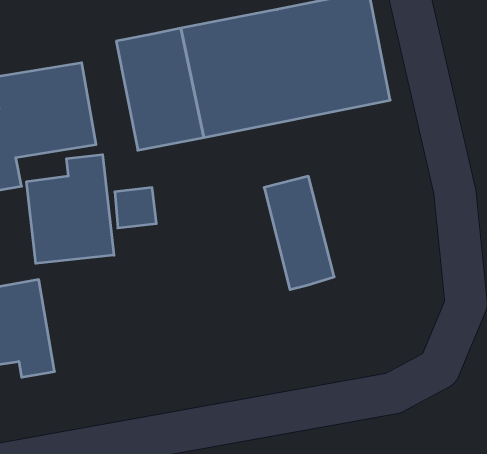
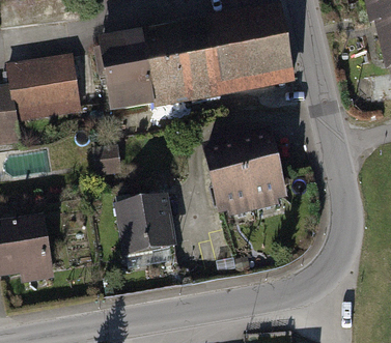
building: [27,155,114,263] -> none
building: none -> [233,126,291,207]
building: none -> [116,193,172,250]

